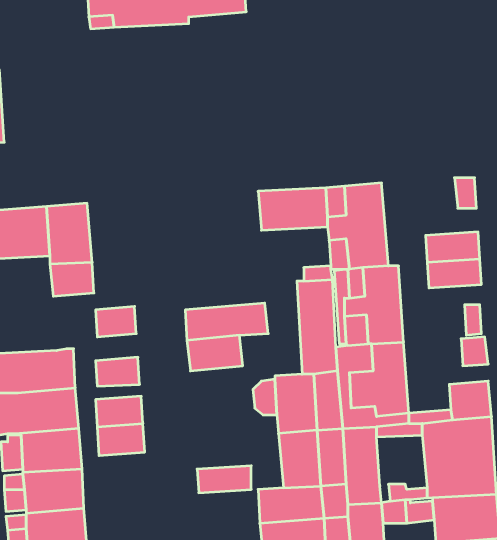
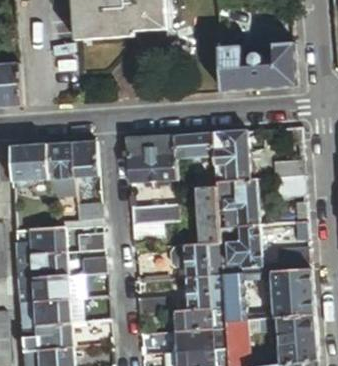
building: none -> [219,43,298,92]
building: none -> [125,135,176,182]
building: none -> [72,141,98,177]

